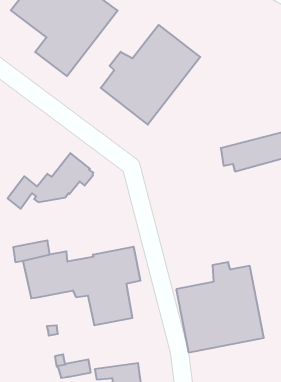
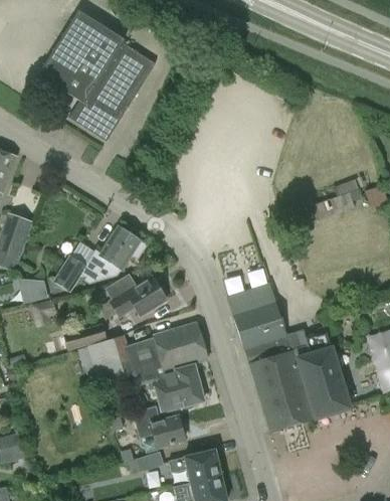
building: [101,25,200,125] -> none
building: none -> [101,276,167,320]
building: none -> [228,284,289,364]
building: none -> [135,405,185,448]

